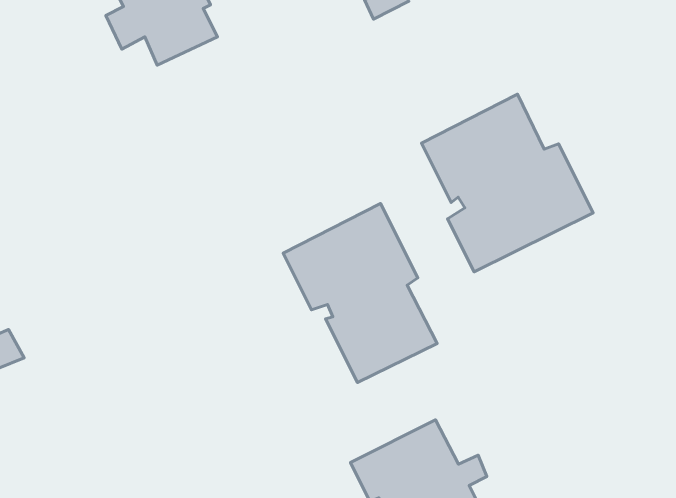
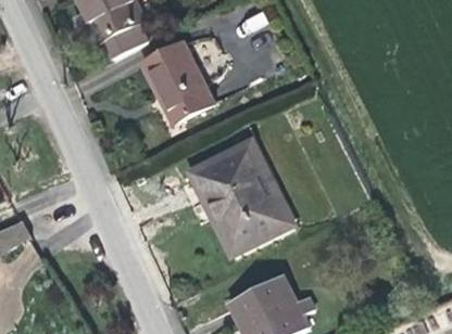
building: none -> [141,42,214,121]
building: [422,94,593,272] -> none

